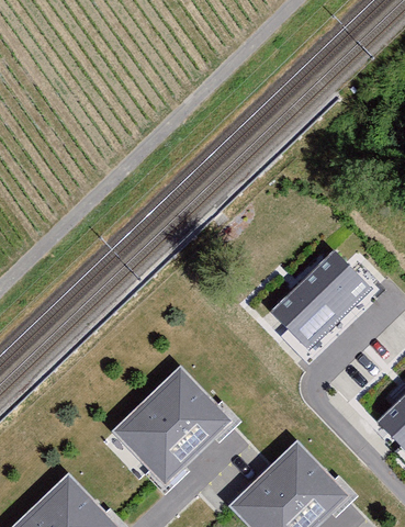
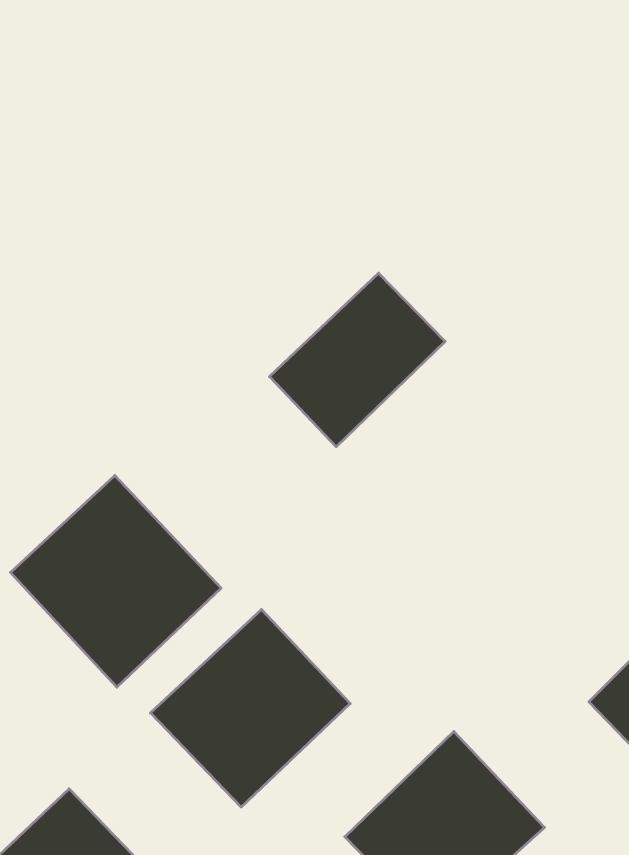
building: [269,251,373,355] -> [269,273,445,447]
building: none -> [10,475,221,687]

